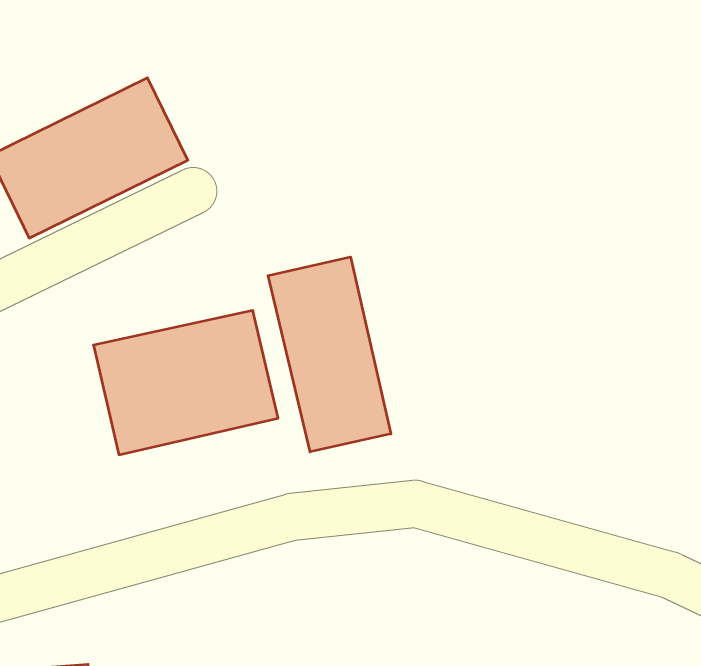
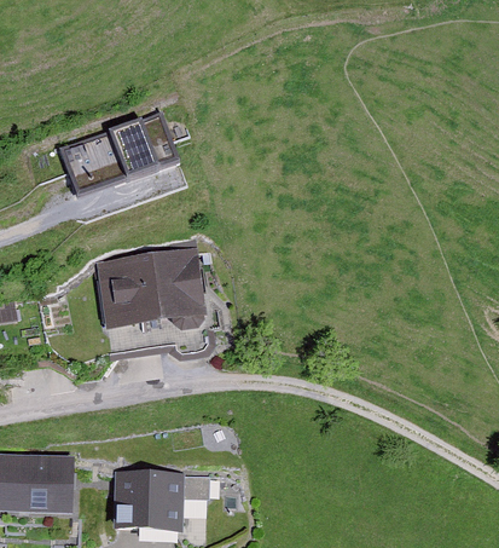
building: [268,257,391,452] -> none

